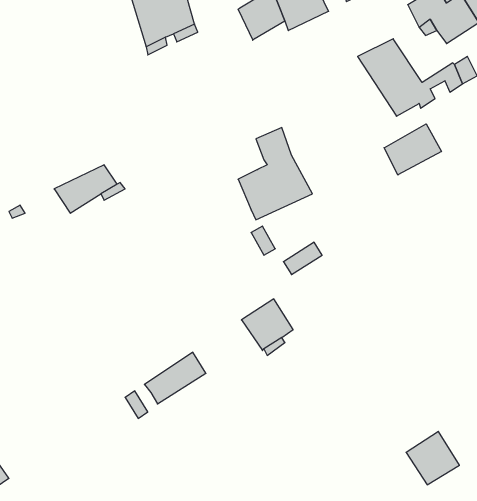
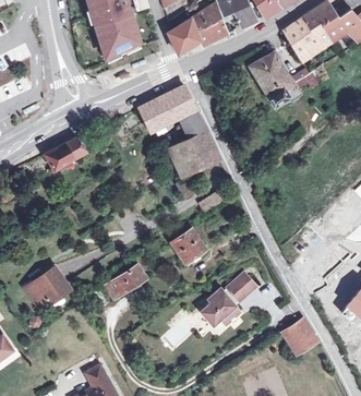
building: none -> [139,84,193,130]
building: [384,124,441,175] -> none
building: none -> [26,266,67,308]
building: none -> [201,273,254,326]

